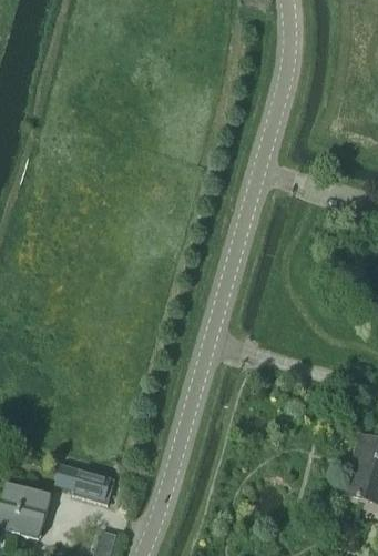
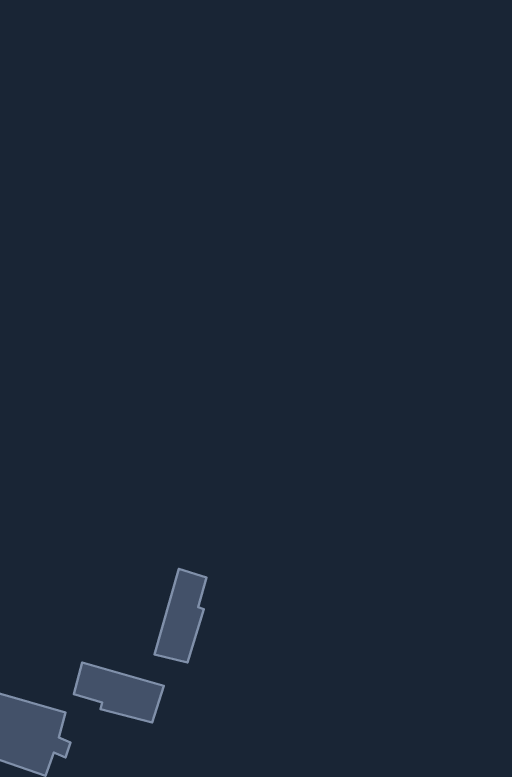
building: none -> [154,569,206,663]

